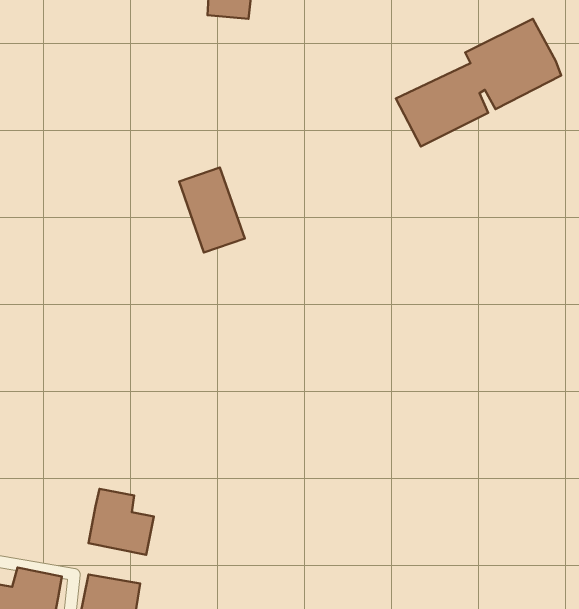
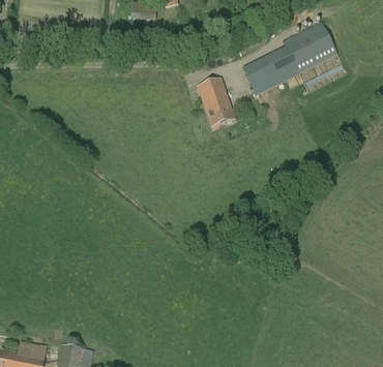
building: [179,167,245,253] -> [197,77,235,126]
building: [88,489,154,555] -> none

